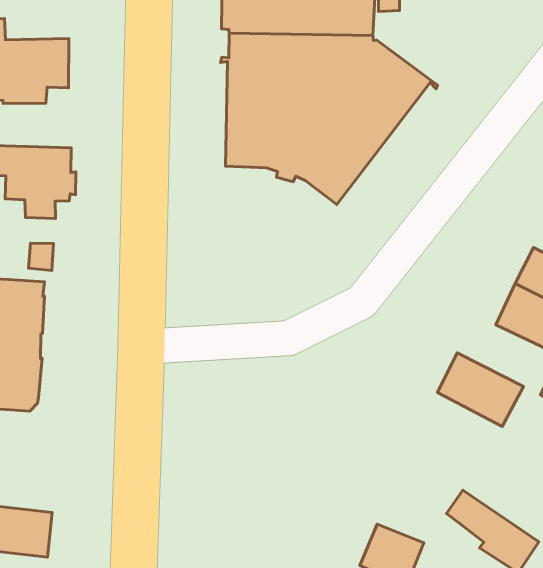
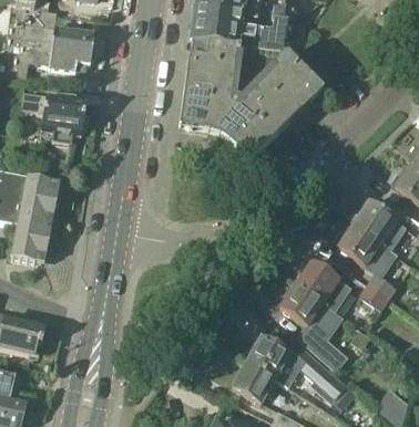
building: none -> [280,284,347,372]
building: none -> [247,336,299,386]

